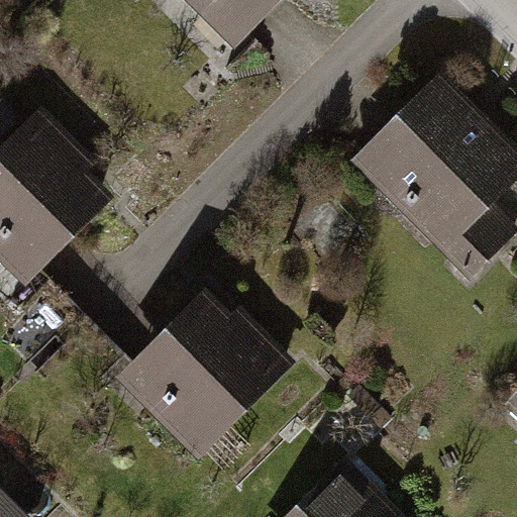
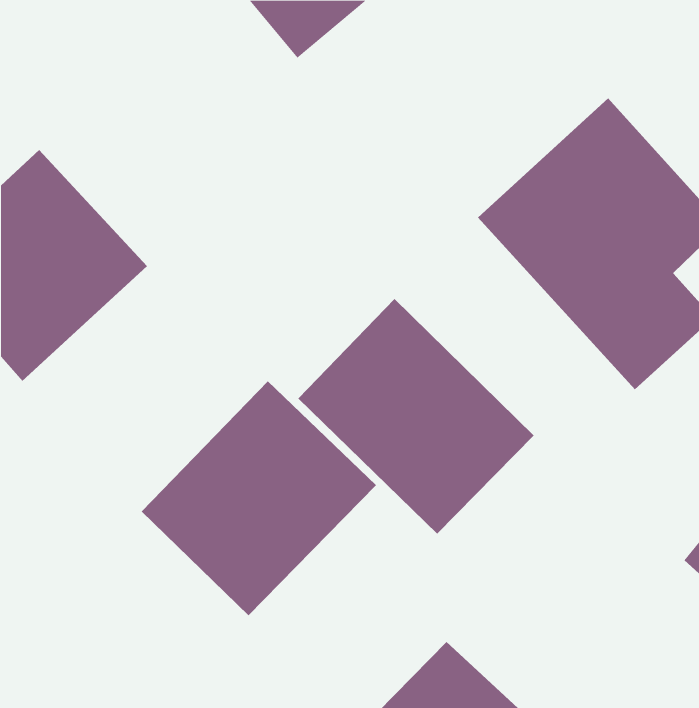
building: none -> [298,298,535,534]

